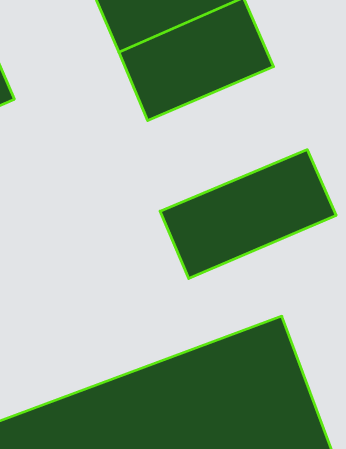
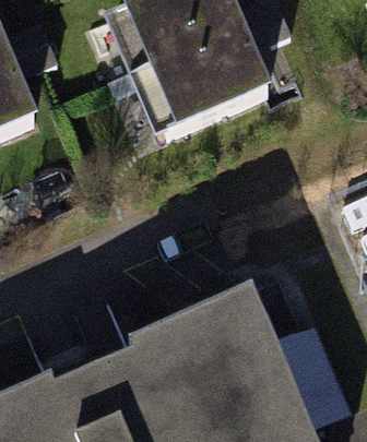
building: [160,150,336,279] -> none

